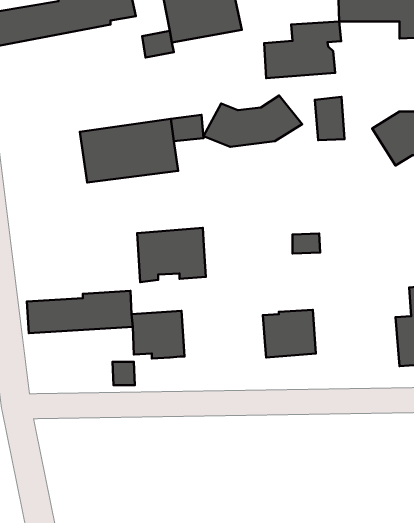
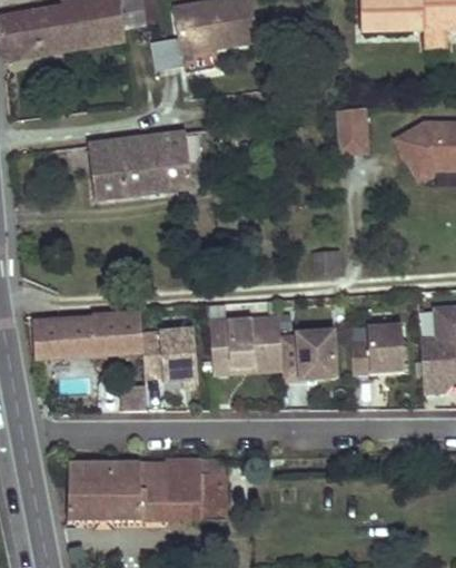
building: [264,21,341,78] -> none
building: [203,96,302,147] -> none
building: [137,228,206,282] -> [210,317,282,374]
building: none -> [350,323,405,374]
building: none -> [69,459,226,519]

